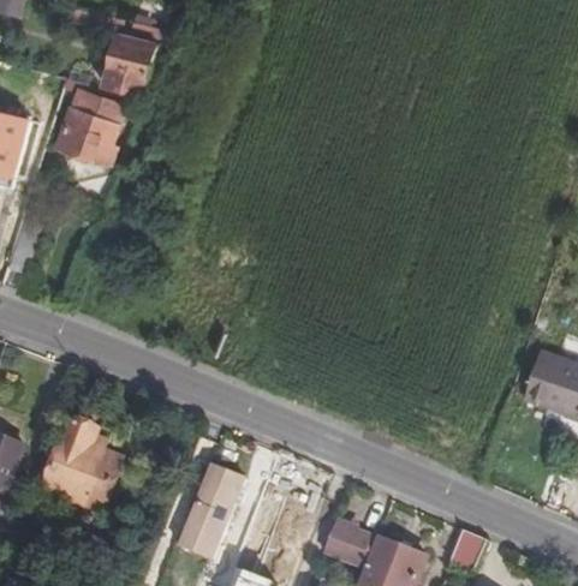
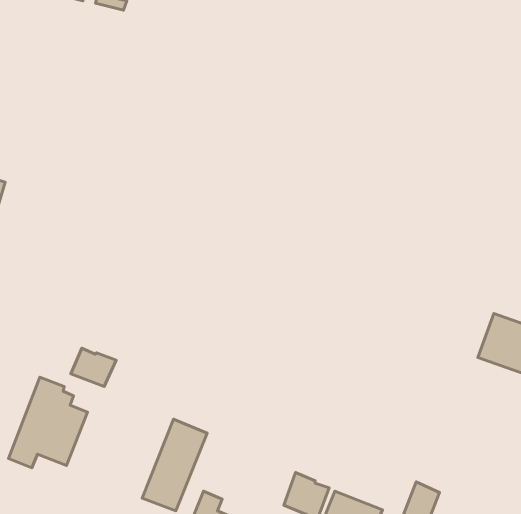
building: [100,36,154,97] -> none
building: [54,78,117,163] -> none
building: none -> [71,348,116,387]

